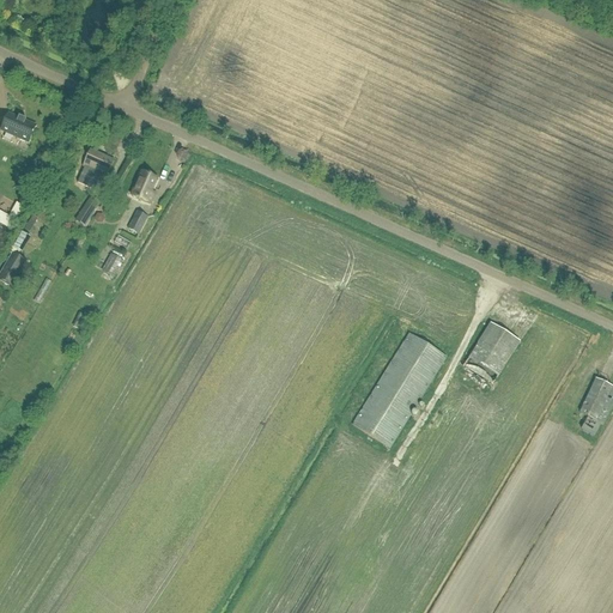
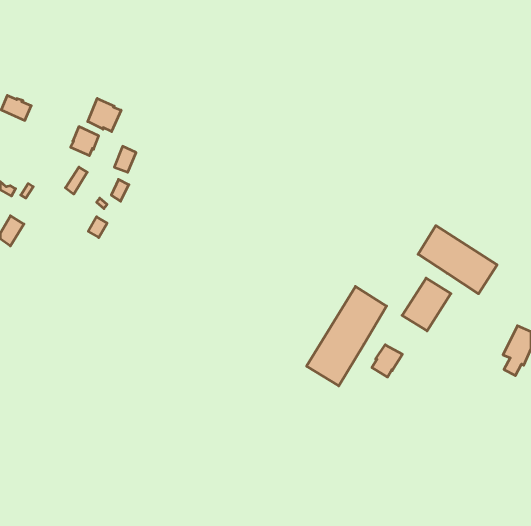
building: none -> [88,98,121,132]
building: none -> [418,226,497,294]
building: none -> [372,345,402,377]

